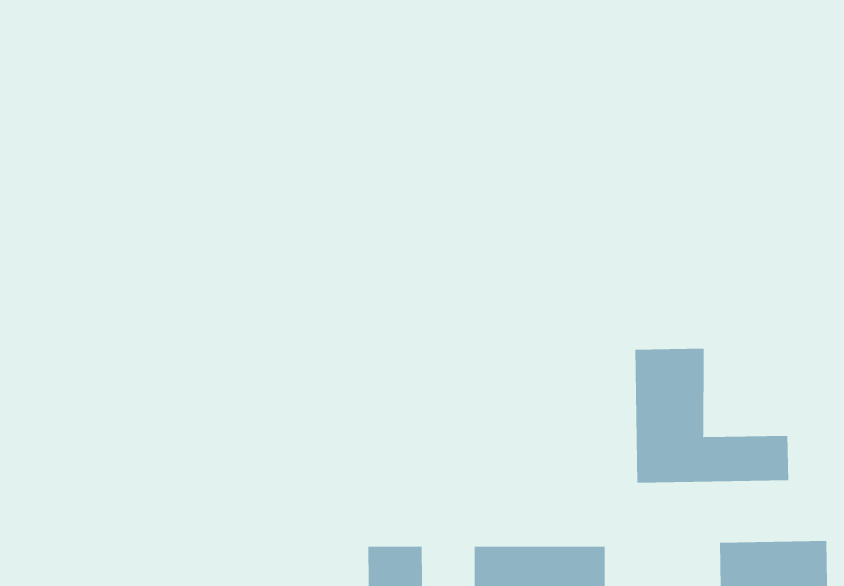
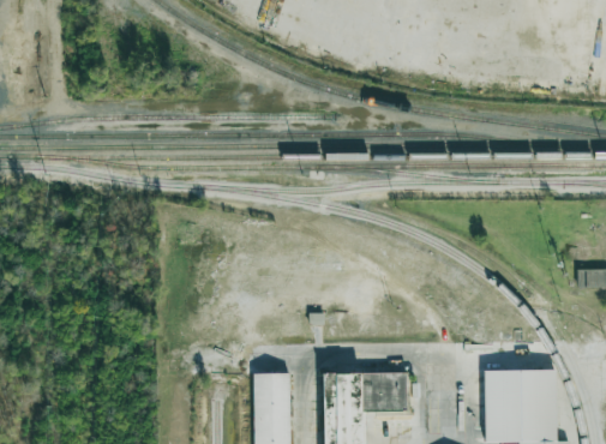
building: [635,348,789,483] -> none

